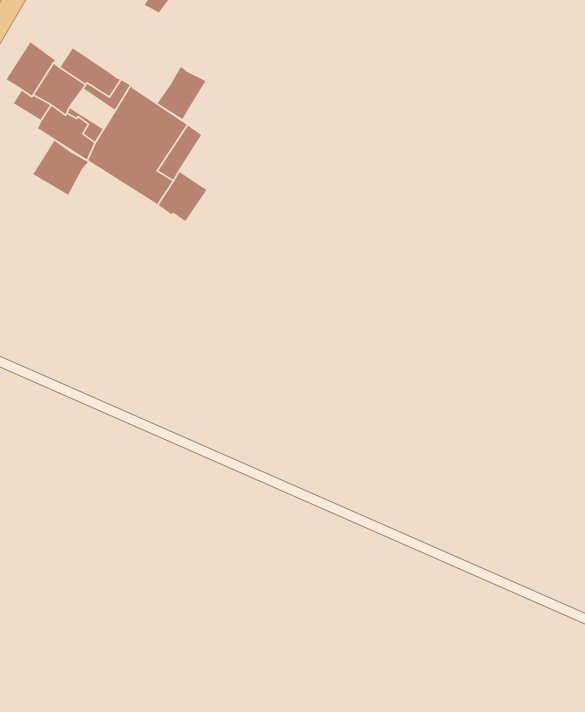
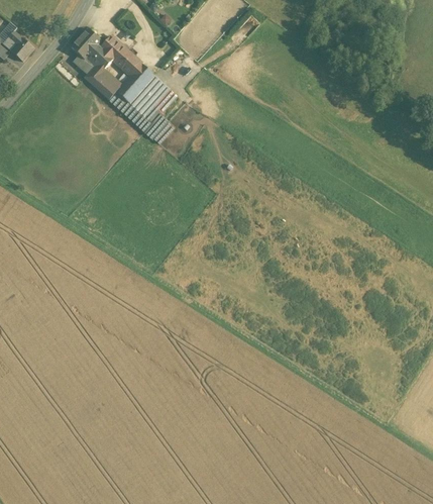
building: [156,66,207,120] -> none
building: [32,140,89,196] -> none

